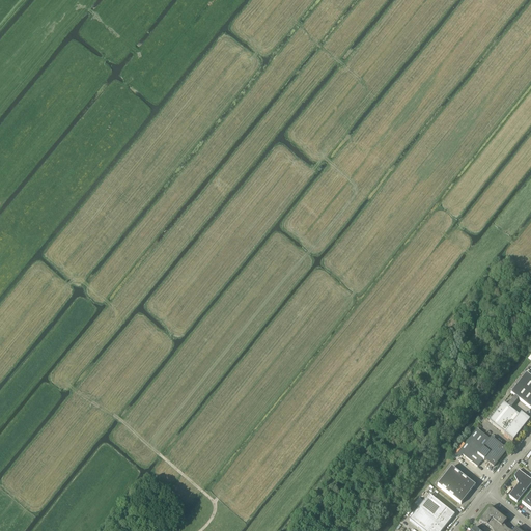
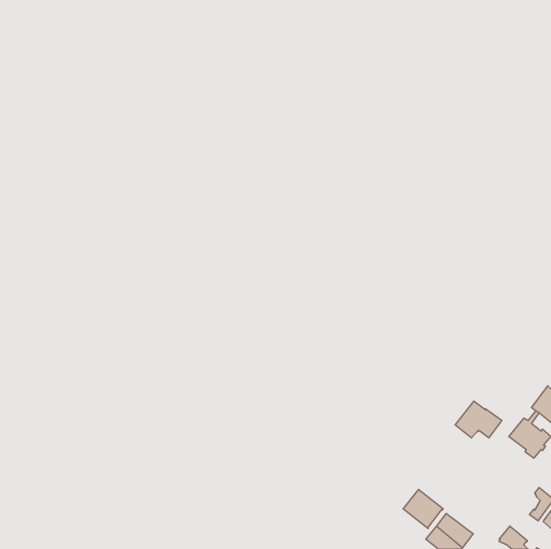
building: [463,429,507,465] -> [455,401,502,438]
building: [438,465,476,502] -> [403,490,443,528]

